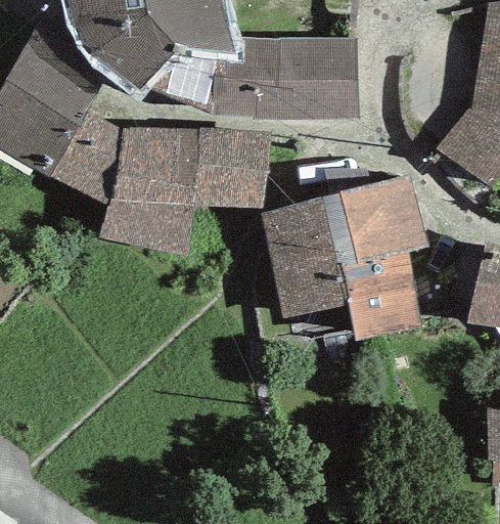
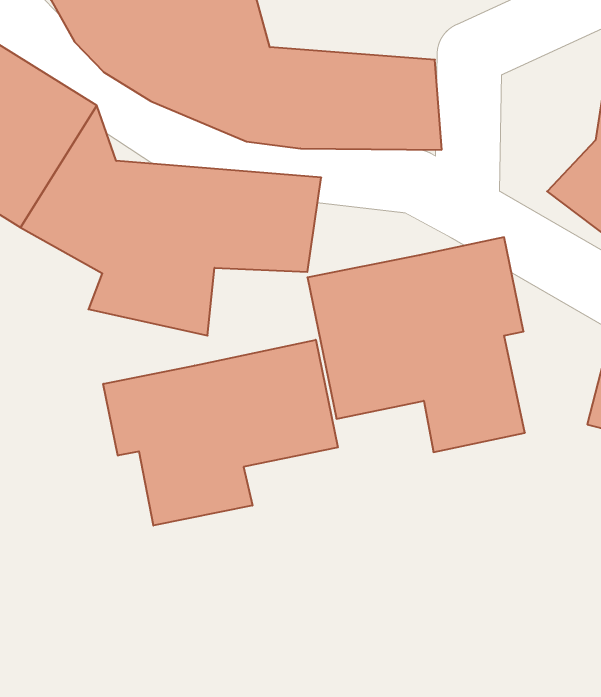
building: none -> [103,340,338,526]

